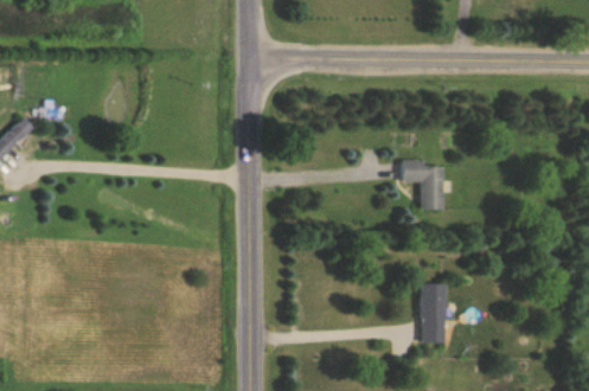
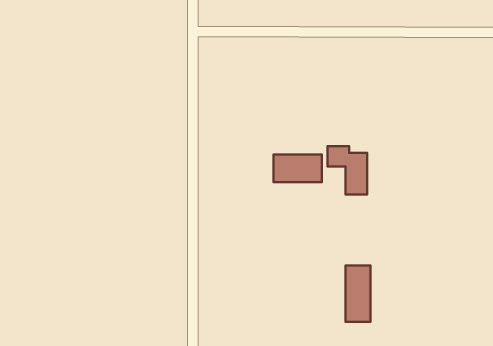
building: none -> [274,154,322,182]

